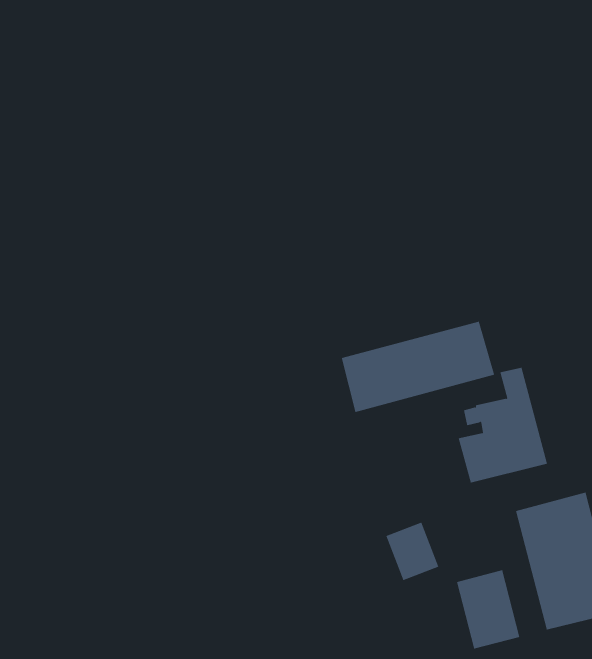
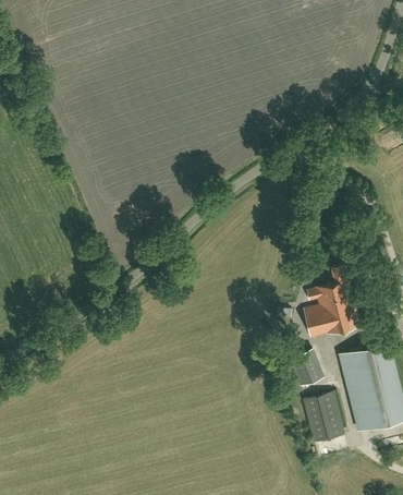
building: [341,321,495,413] -> none
building: [386,522,439,581] -> [289,349,322,386]

